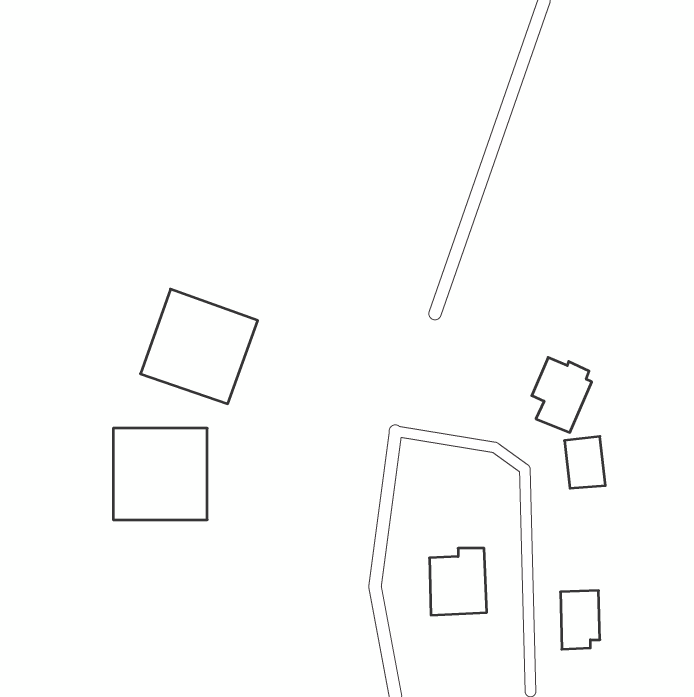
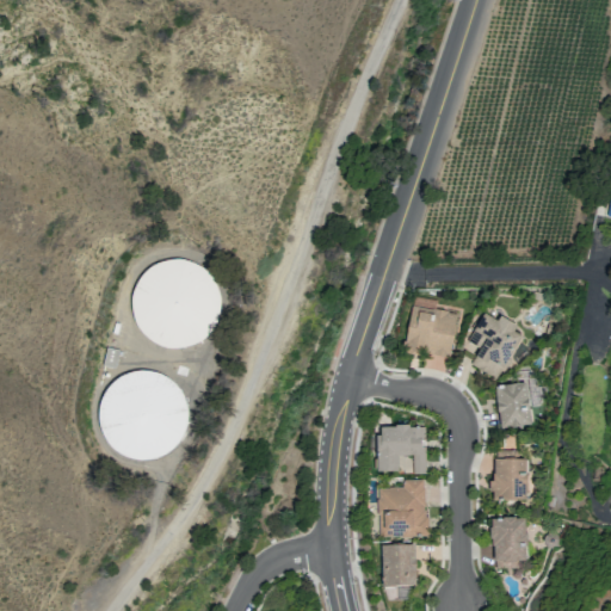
building: none -> [405,296,458,358]
building: none -> [378,426,427,474]
building: none -> [494,459,527,500]
building: none -> [382,544,416,586]

